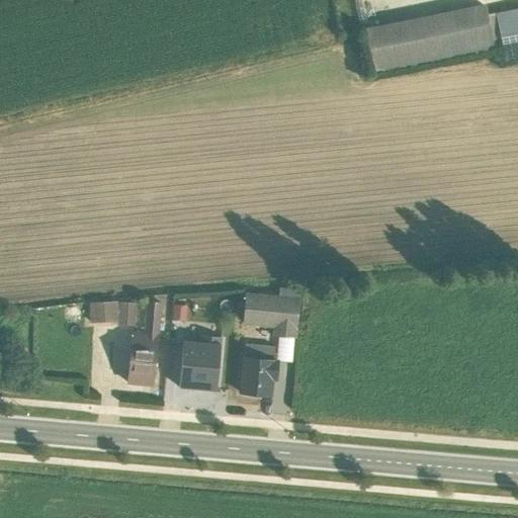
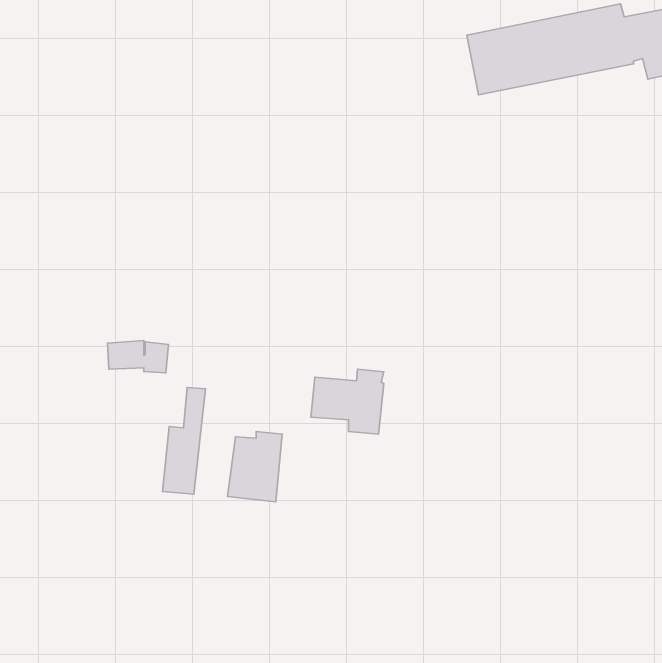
building: [90,300,138,326] -> [107,340,169,373]
building: [241,344,278,396] -> none

